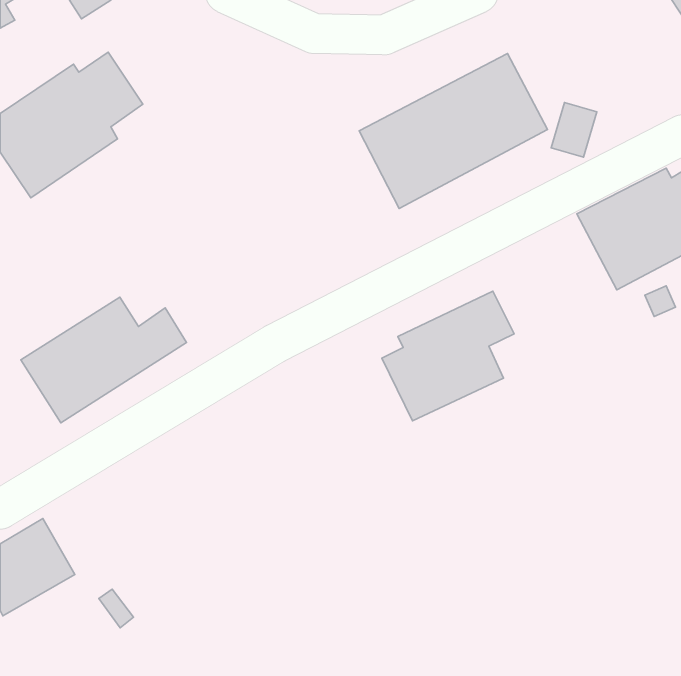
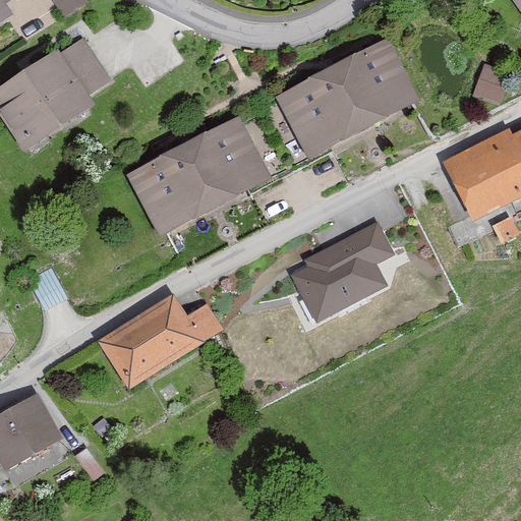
building: [551,102,597,157] -> [473,61,508,103]
building: none -> [127,117,268,233]
building: [21,297,186,423] -> [97,294,223,390]

